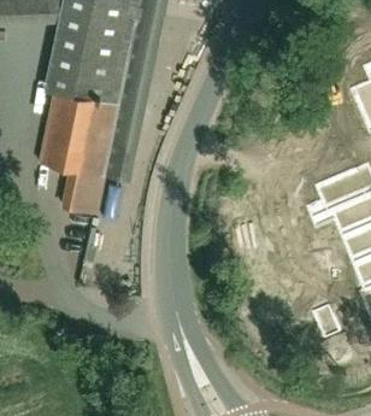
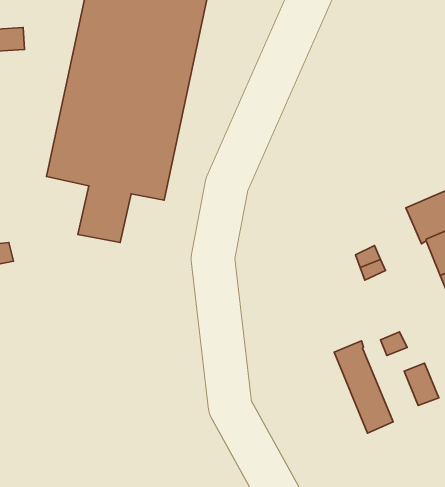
building: none -> [334,341,393,433]

